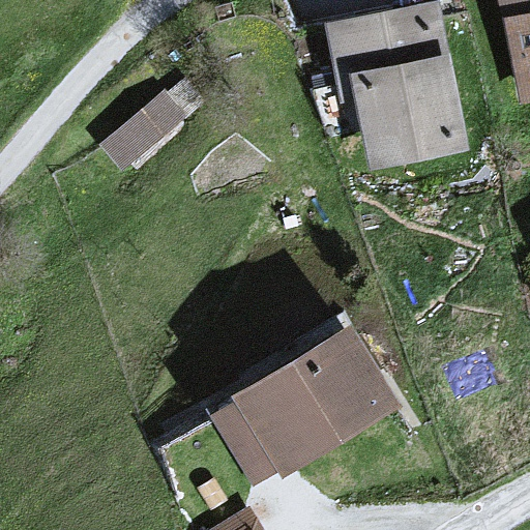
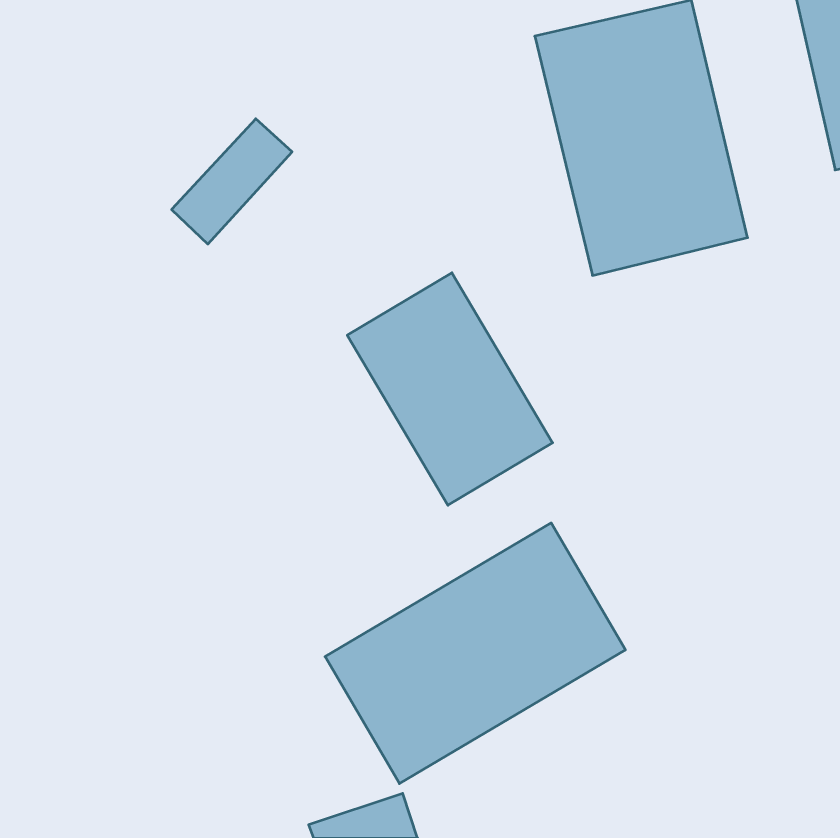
building: none -> [347,273,553,505]

